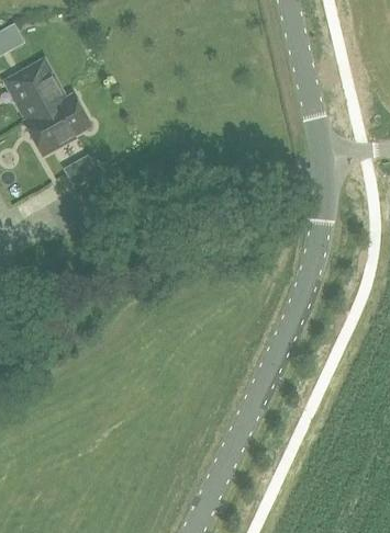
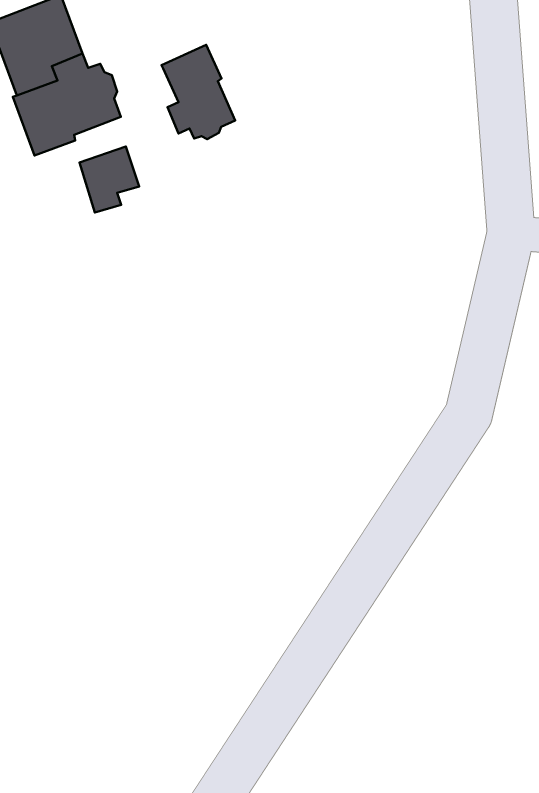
building: none -> [162,45,235,139]

